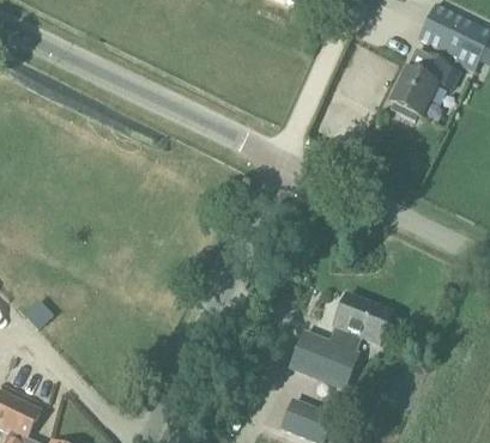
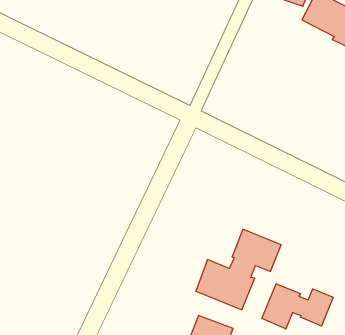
building: [391,51,448,116] -> none
building: none -> [262,284,333,329]

